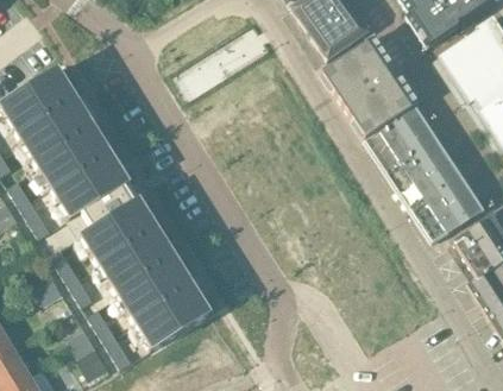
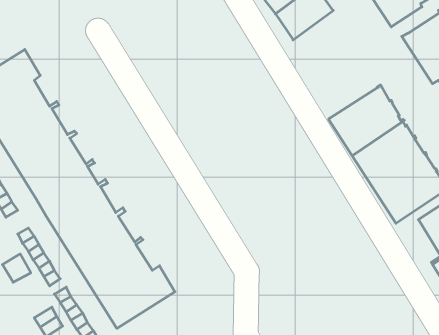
building: [321,36,419,137] -> none

